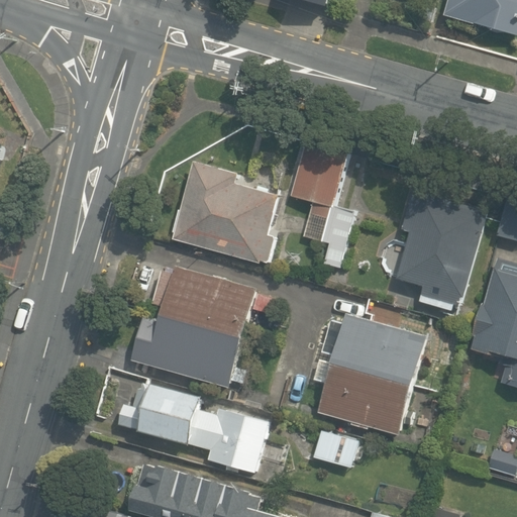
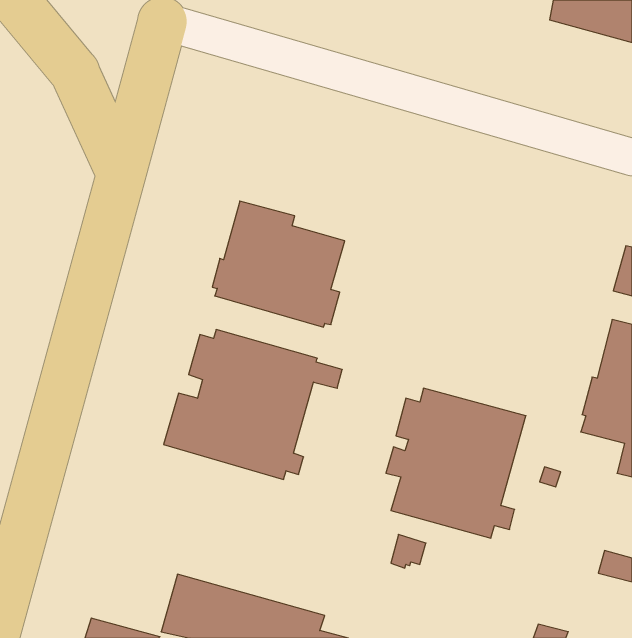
building: [291,142,353,268] -> none
building: [396,194,487,311] -> none
building: [118,383,271,473] -> none

